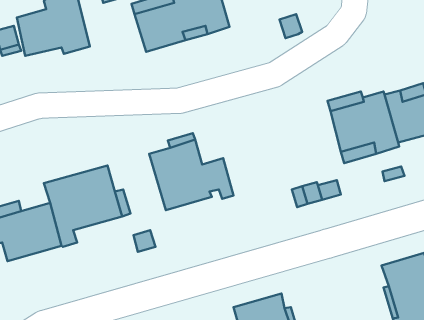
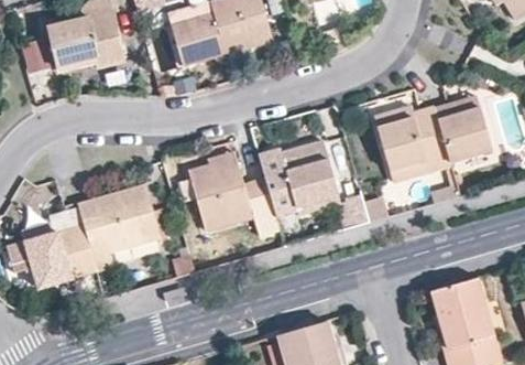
building: none -> [256,140,338,217]

